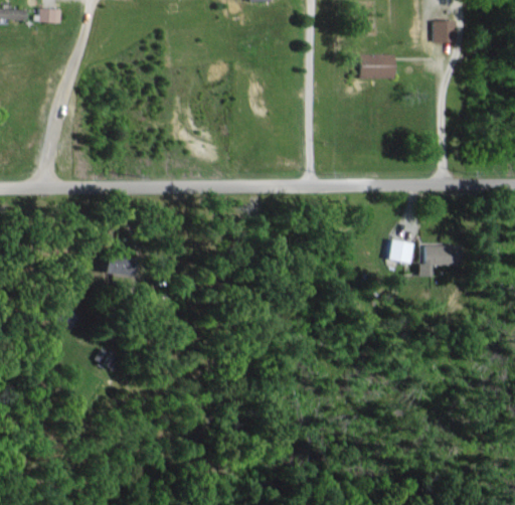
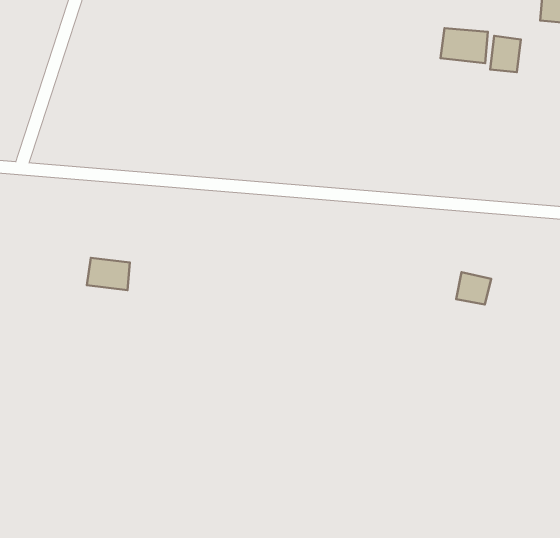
building: none -> [490,36,521,72]
building: [417,244,462,277] -> none

